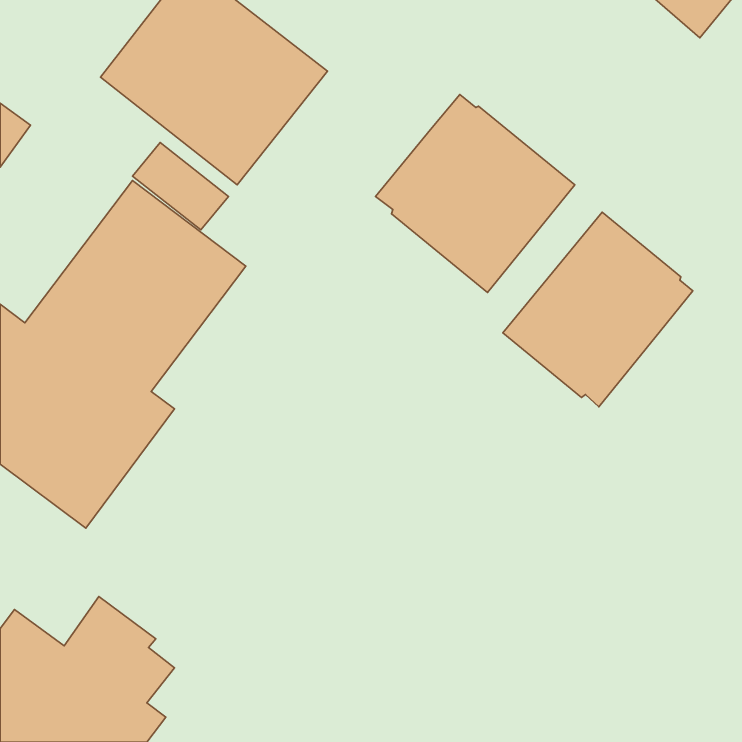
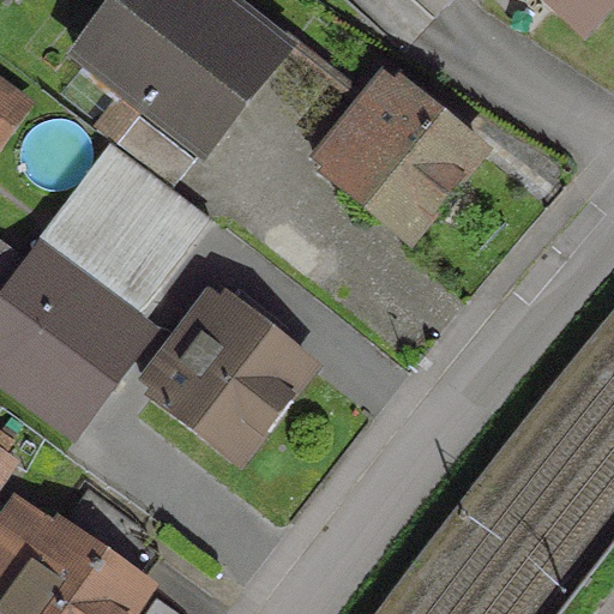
building: [503,212,693,407] -> none
building: none -> [137,293,306,459]

